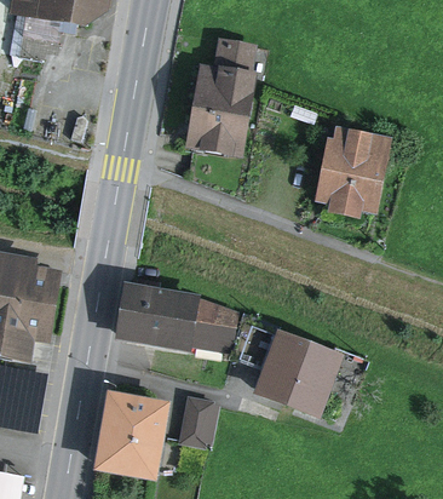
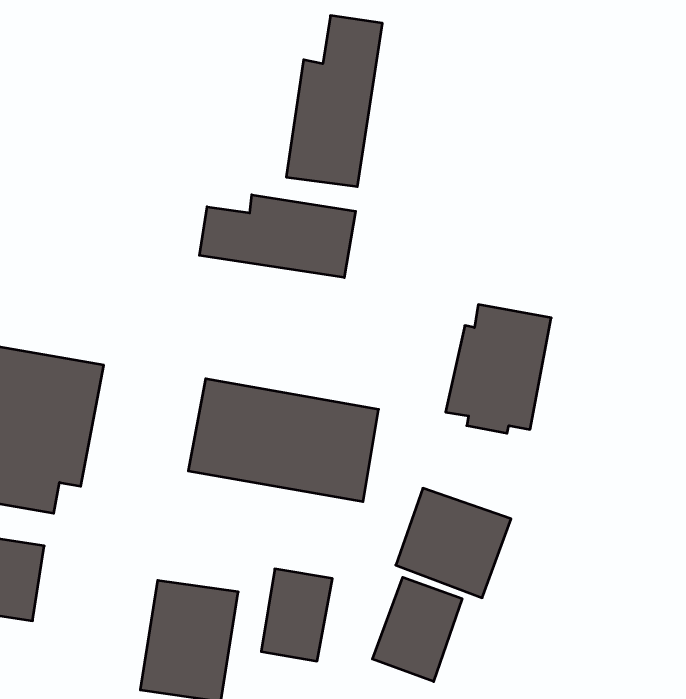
building: [315,134,381,216] -> [446,305,551,433]
building: none -> [199,195,356,278]
building: none -> [372,577,462,682]

